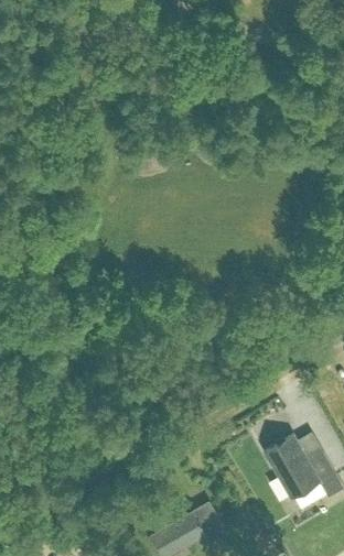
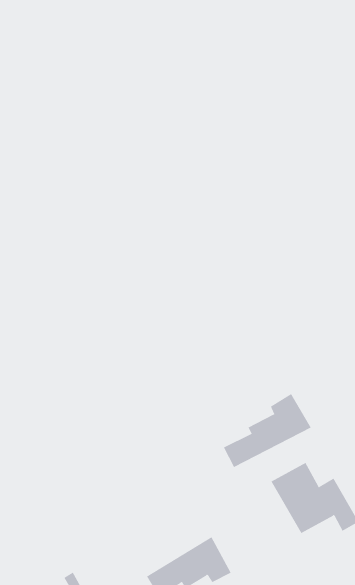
building: none -> [223,393,312,468]

